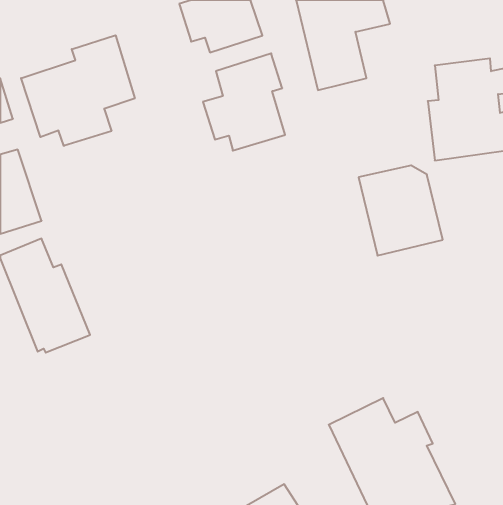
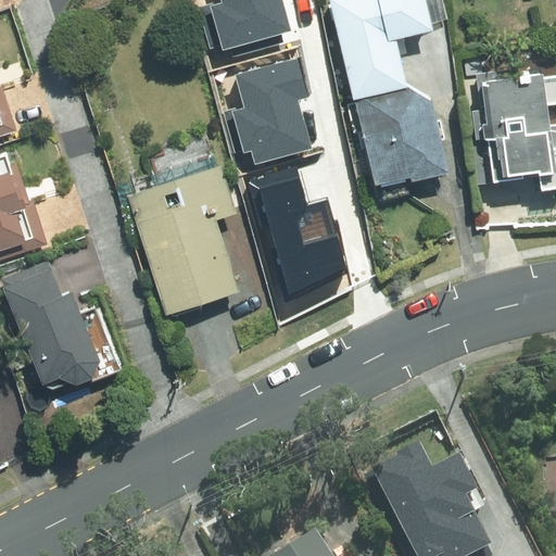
building: [21,35,135,146] -> none
building: none -> [128,166,237,312]
building: none -> [250,168,348,306]
building: [359,165,443,256] -> [355,89,447,188]

